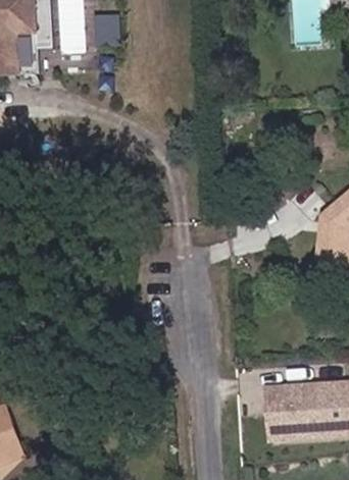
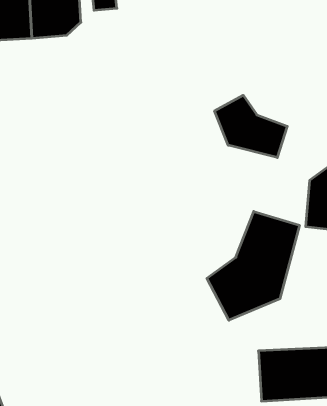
building: none -> [215,95,287,158]
building: none -> [207,211,299,320]

